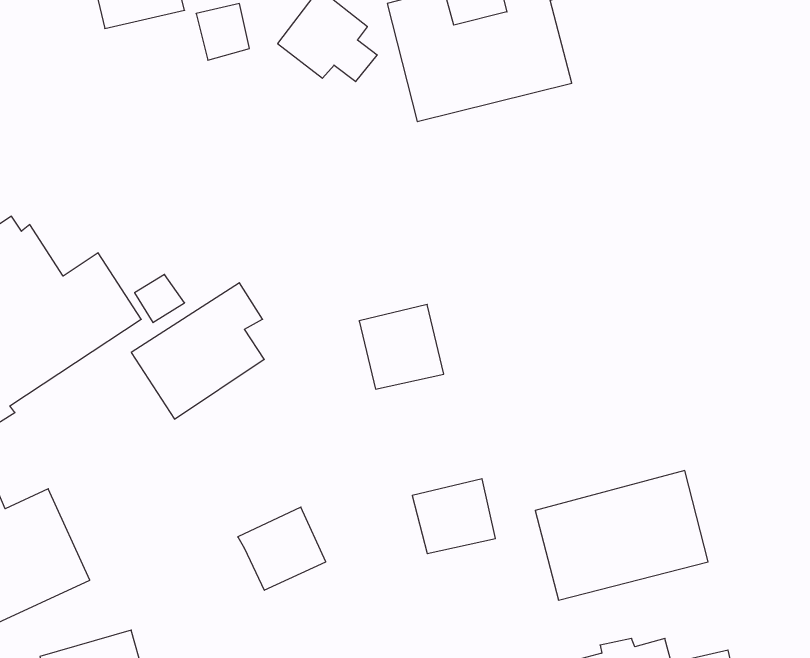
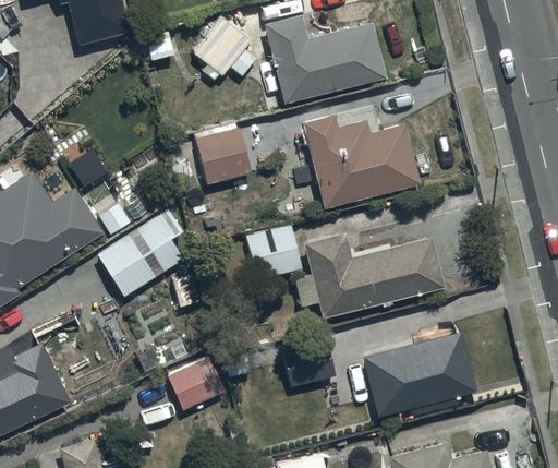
building: none -> [303,115,418,207]
building: none -> [196,128,251,182]
building: none -> [293,233,444,317]

